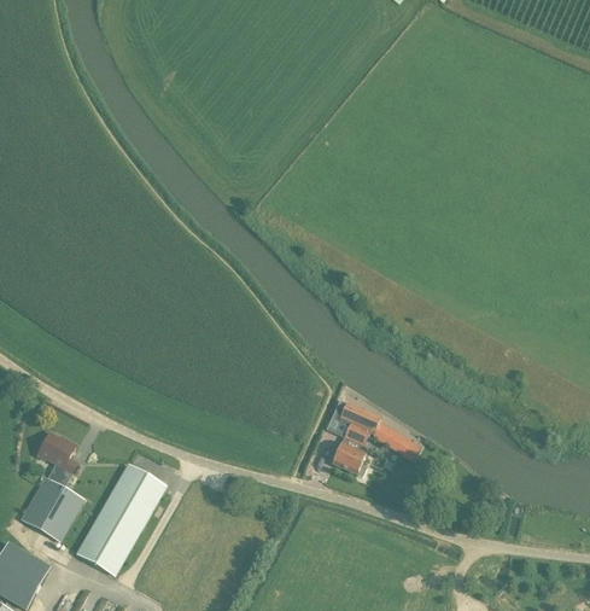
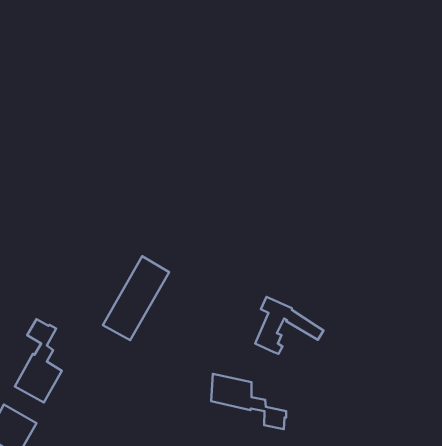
building: [78,464,164,572] -> [103,256,169,340]
building: none -> [211,374,286,429]

